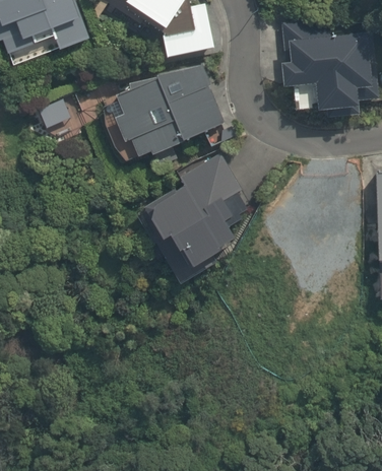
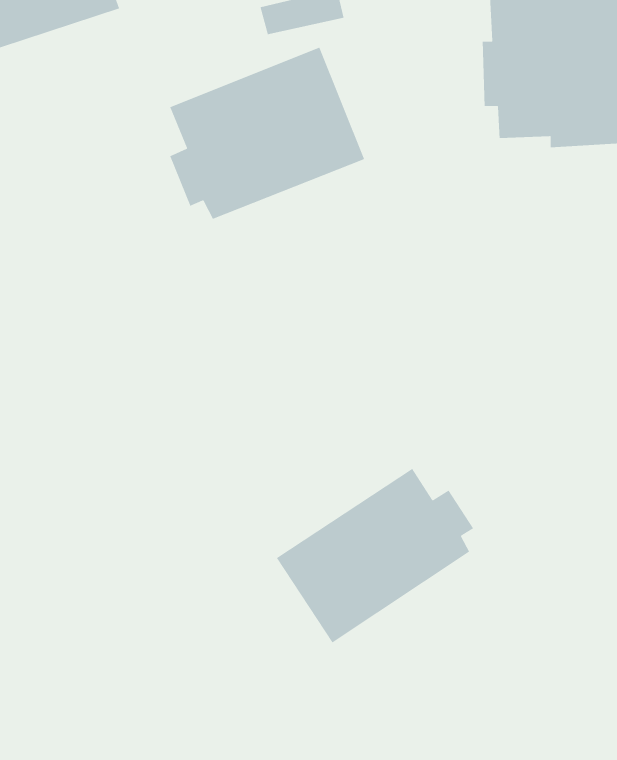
building: [153,153,251,269] -> none
building: none -> [276,468,474,643]

